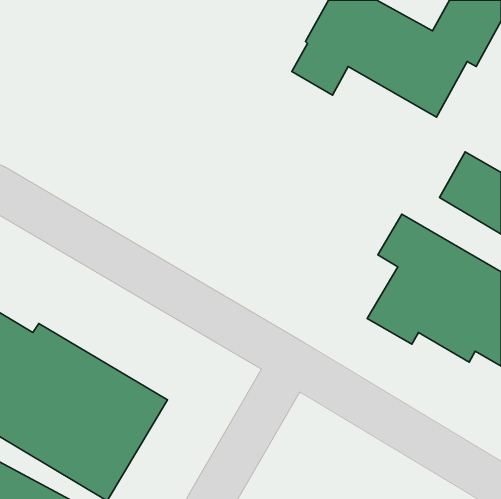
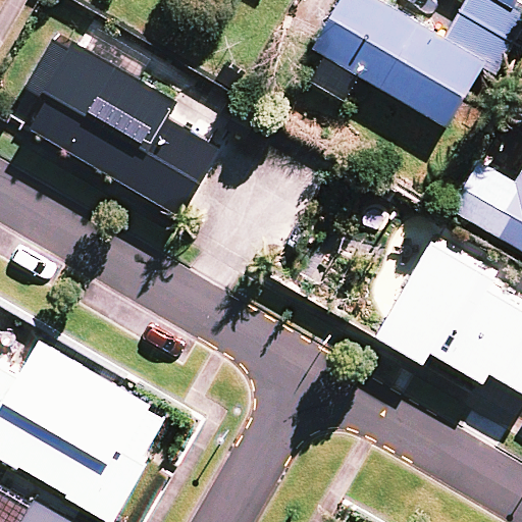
building: none -> [31,37,217,216]

